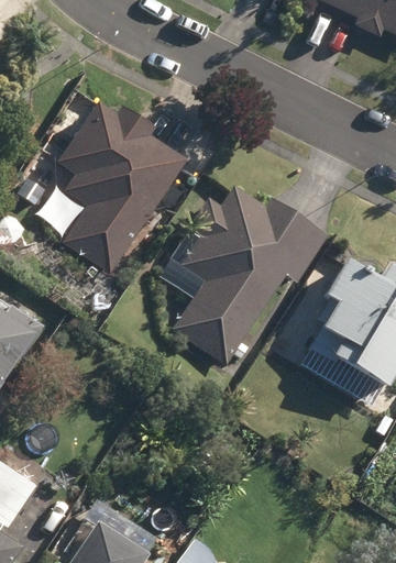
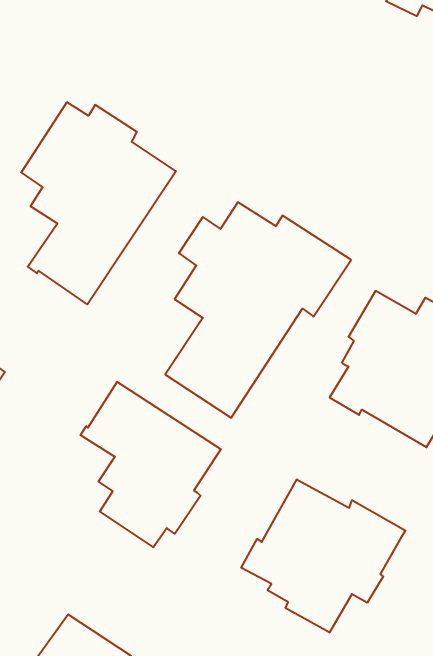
building: none -> [81,382,221,547]
building: none -> [241,479,406,633]

